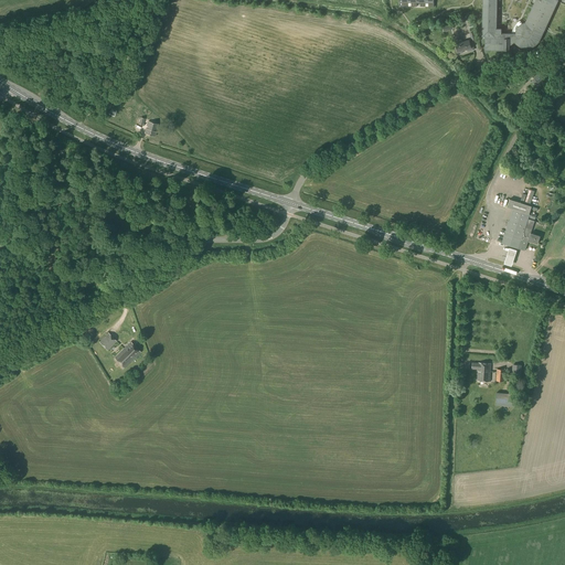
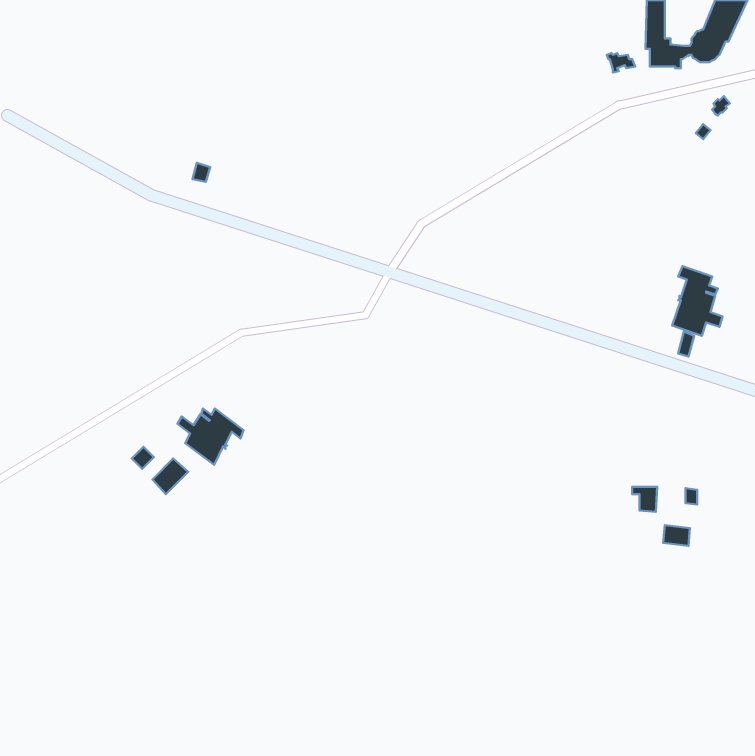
building: none -> [177,408,244,465]

